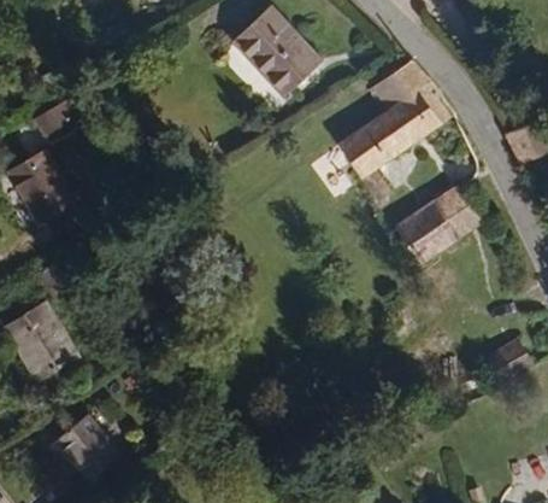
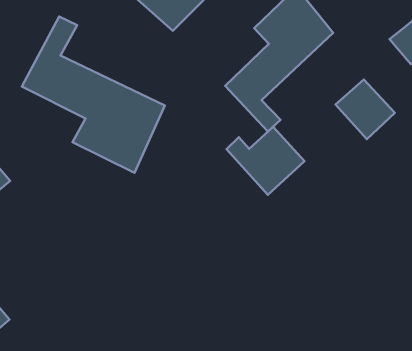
building: none -> [22,16,165,173]
building: [383,194,459,262] -> [226,127,304,195]

